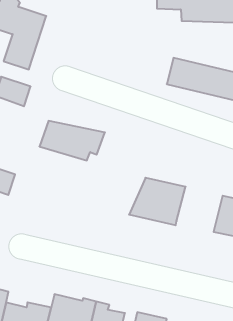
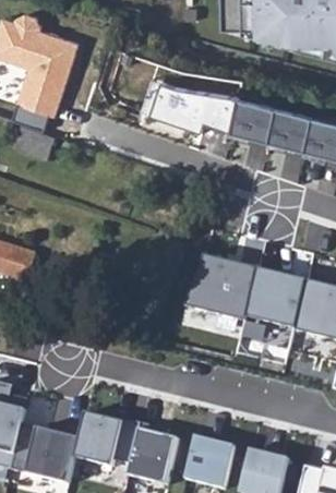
building: [39,121,105,160] -> [137,79,225,131]
building: none -> [247,269,308,329]

